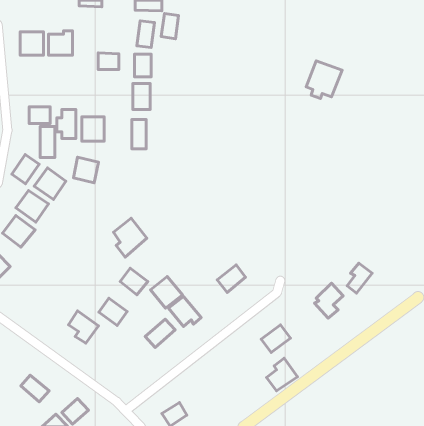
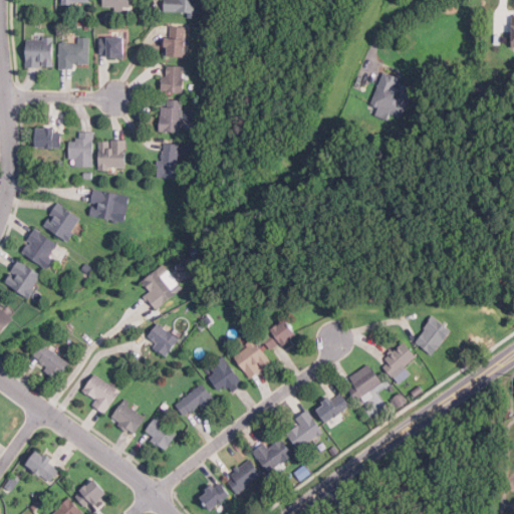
building: [161,13,178,39] -> none
building: [98,53,119,70] -> [98,37,123,57]
building: [40,126,55,158] -> none
building: [12,155,39,184] -> none
building: [151,276,182,308] -> [232,340,270,378]
building: none -> [30,344,67,379]
building: [99,298,127,326] -> [110,402,145,435]
building: none -> [346,363,380,402]
building: none -> [143,418,176,451]
building: [267,358,297,391] -> [285,411,322,450]
building: none -> [251,439,292,474]
building: none -> [218,461,255,494]

